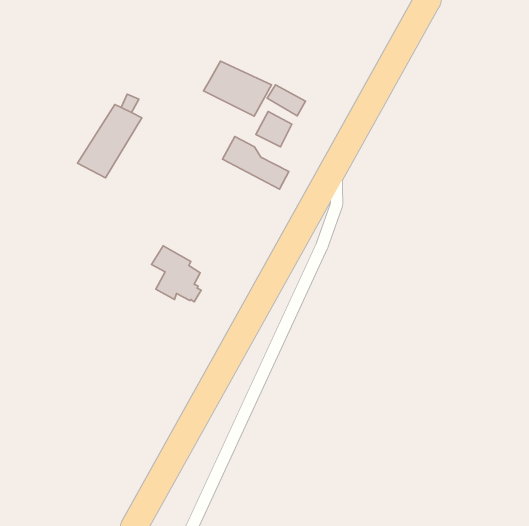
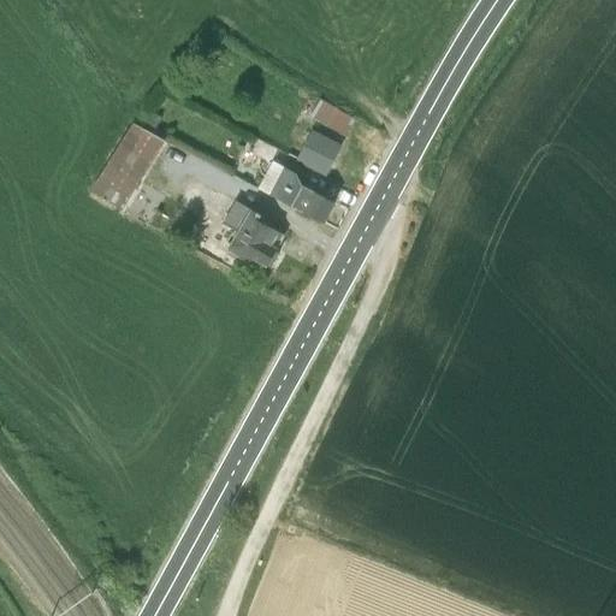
building: [204,61,271,116] -> none
building: [152,246,201,302] -> [223,201,280,266]

